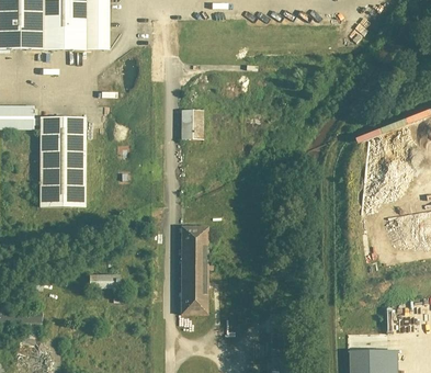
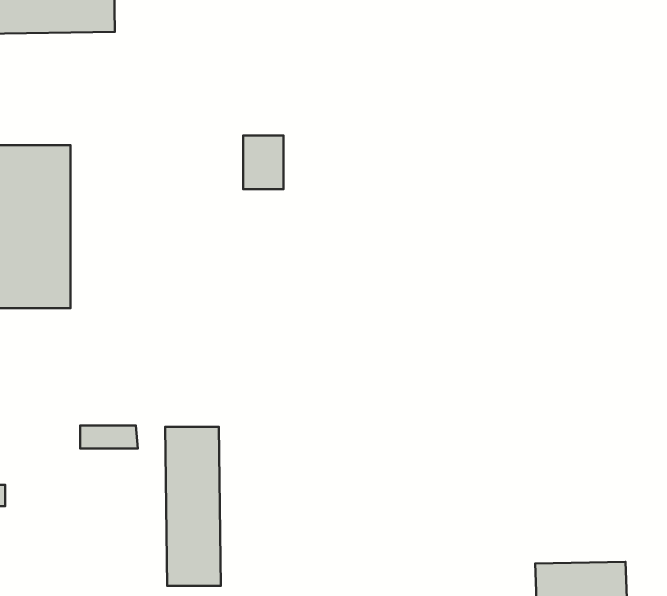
building: [177,224,208,315] -> [165,427,221,586]

